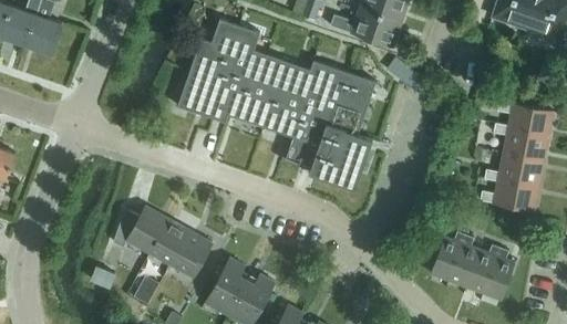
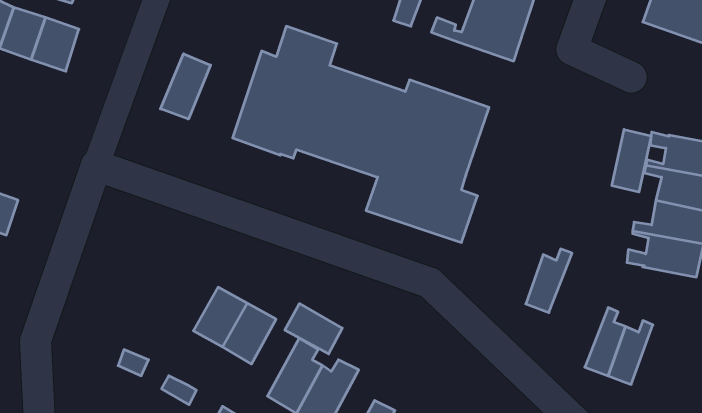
building: none -> [160,54,211,119]
building: none -> [612,129,651,192]
building: [113,207,167,253] -> none
building: [430,232,465,281] -> [526,249,572,313]
building: none -> [285,304,342,354]
building: [483,249,515,301] -> none

